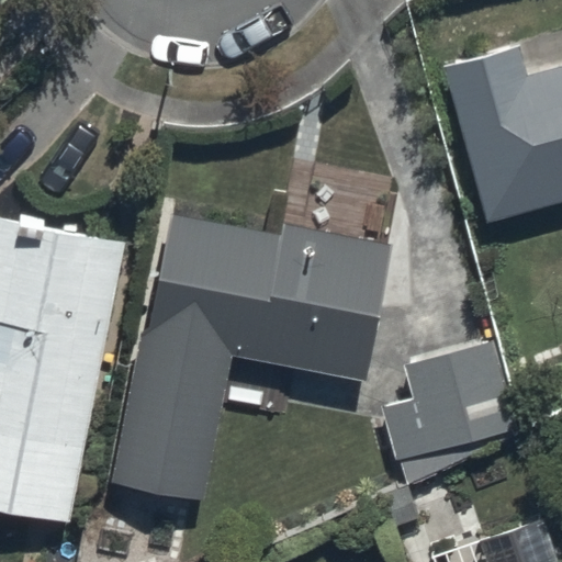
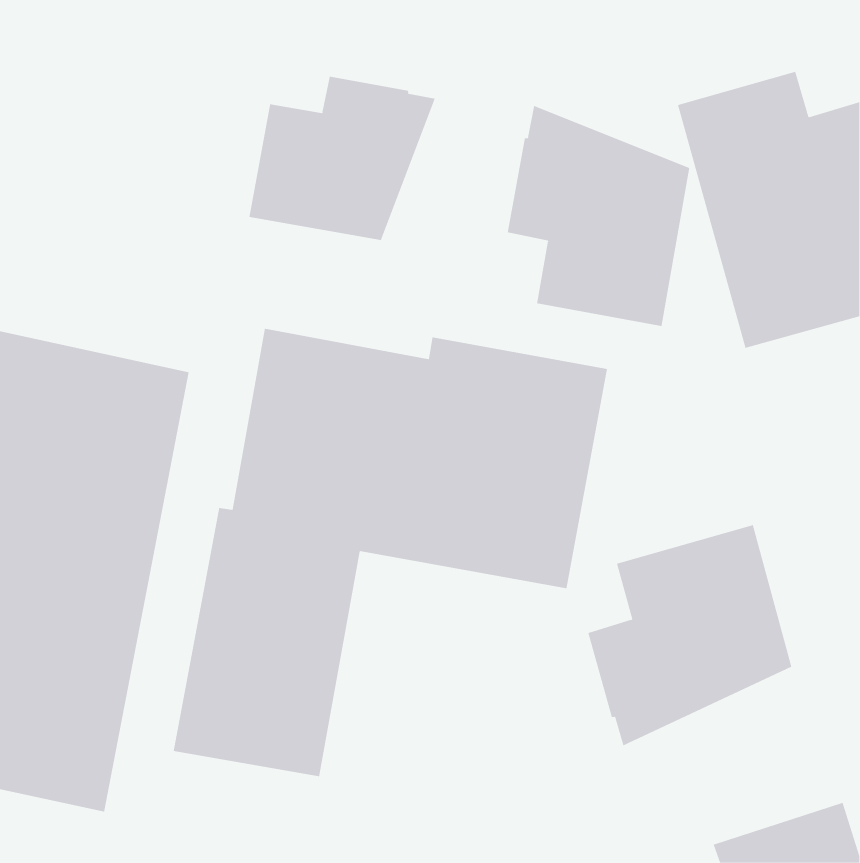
building: none -> [249,76,436,241]
building: none -> [507,105,690,327]

